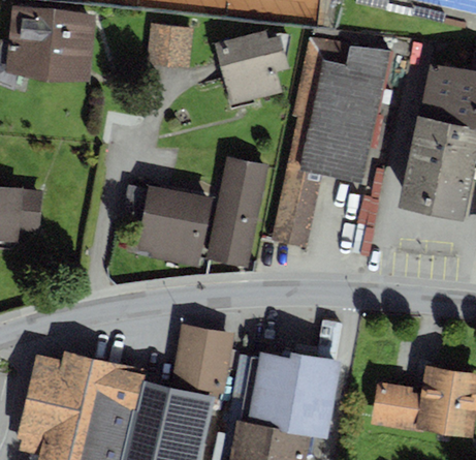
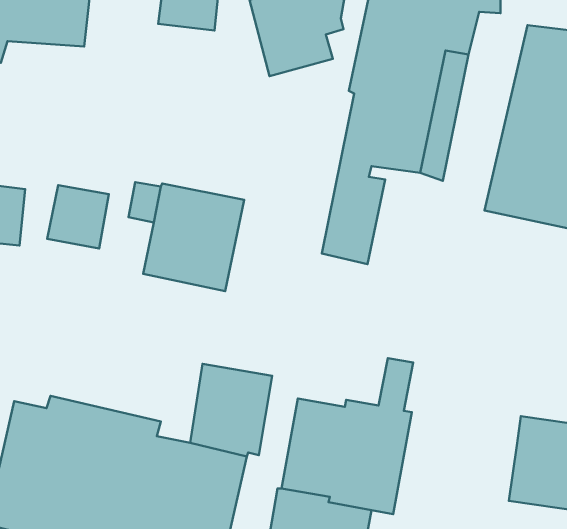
building: [205,157,269,268] -> none
building: none -> [47,185,109,249]
building: [371,381,422,431] -> none

